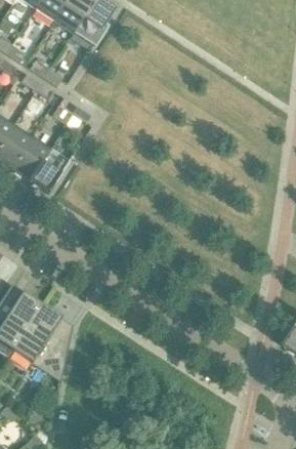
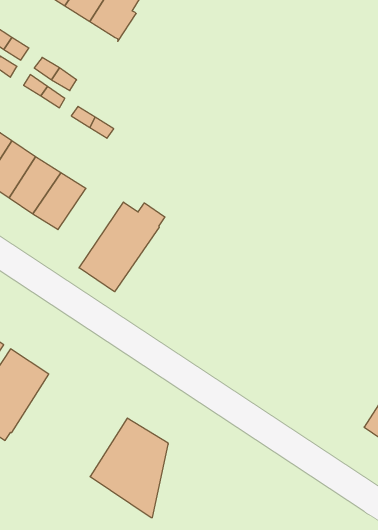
building: none -> [79,202,165,292]
building: [12,305,73,382] -> [90,418,168,518]

